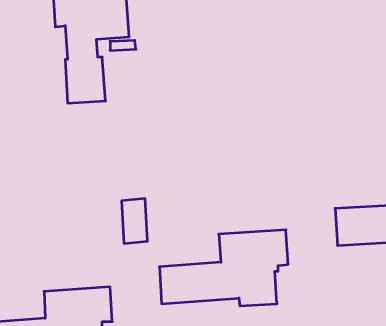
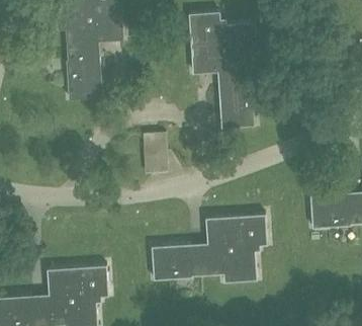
building: none -> [189,11,257,128]
building: [122,199,147,243] -> [144,133,167,173]

